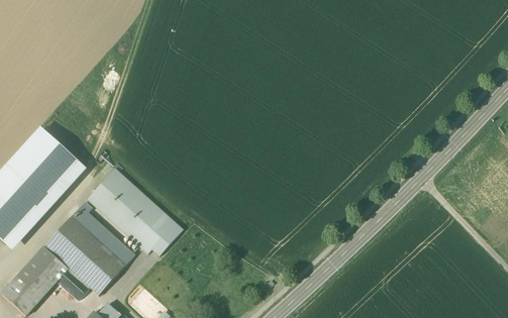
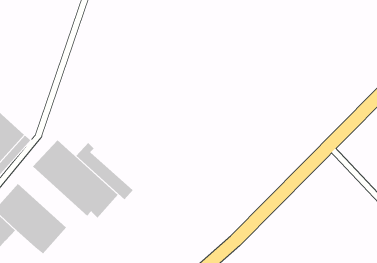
building: [70,201,134,266] -> [76,142,134,200]
building: [57,269,89,300] -> none

